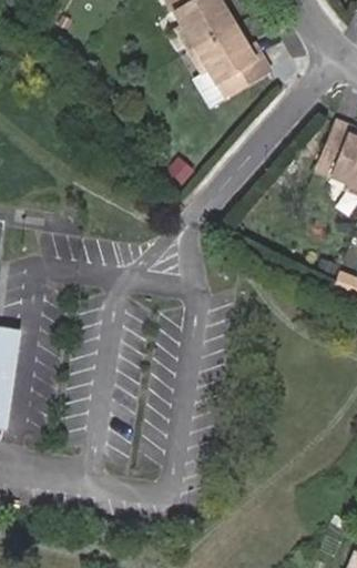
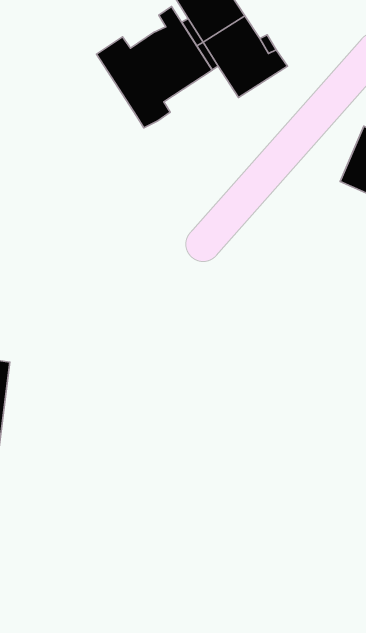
building: none -> [96,6,212,128]

